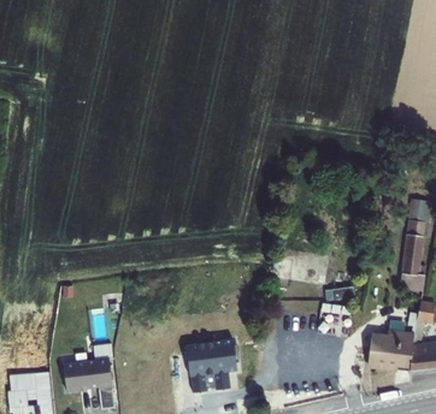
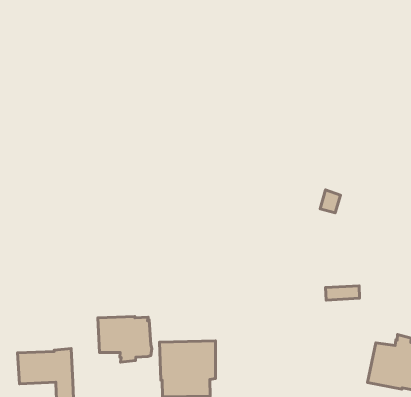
building: none -> [98,317,152,362]

